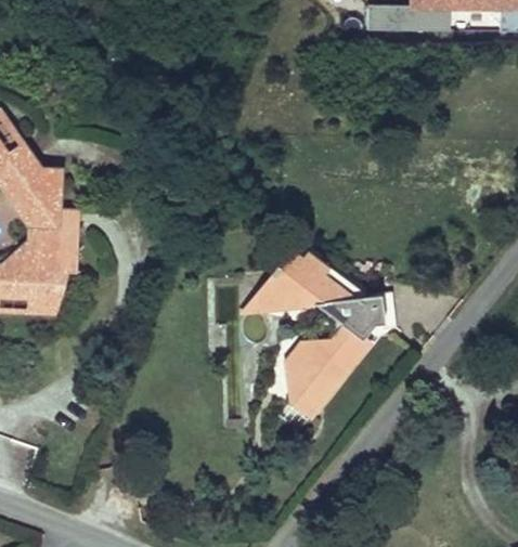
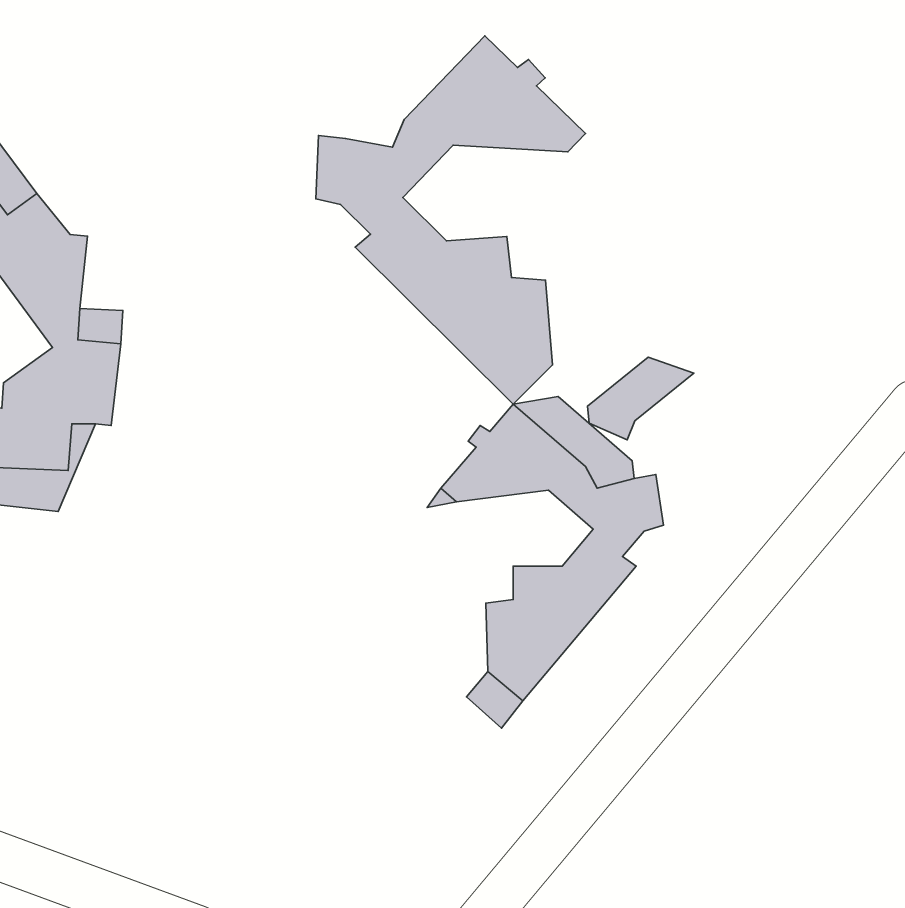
building: none -> [316,36,585,404]
building: none -> [588,357,694,440]

